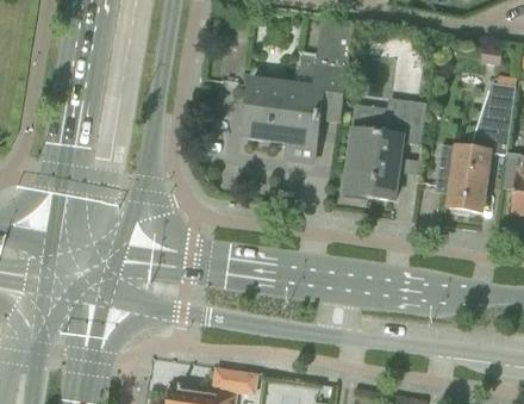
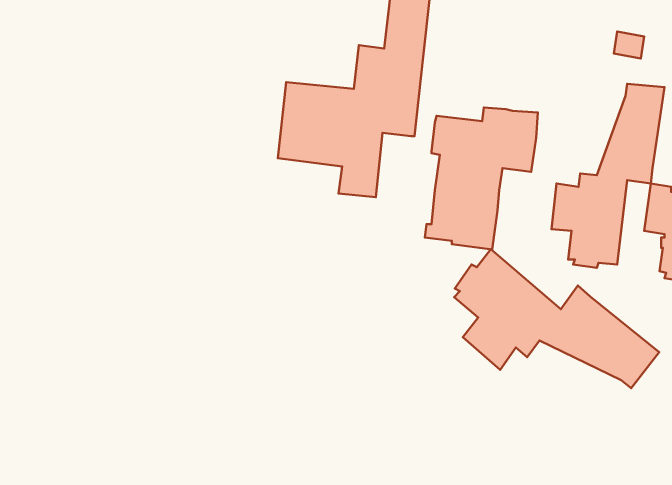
building: none -> [454,249,659,388]

